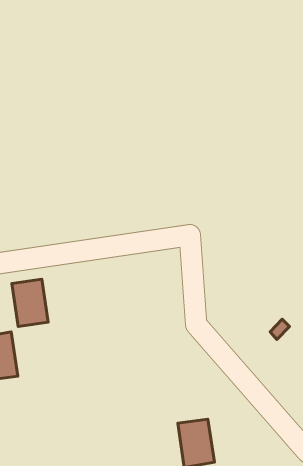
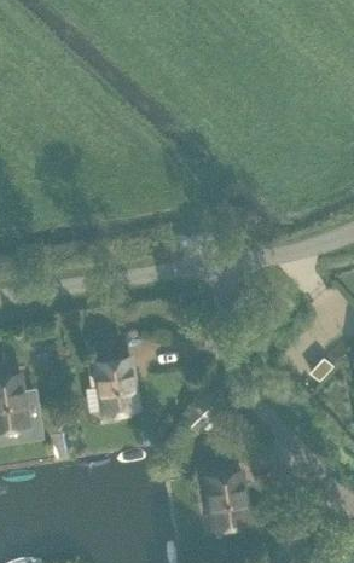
building: [12,279,48,327] -> [95,359,137,412]

